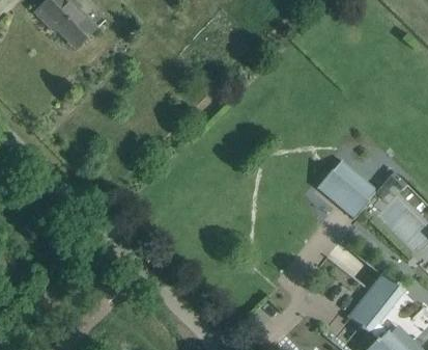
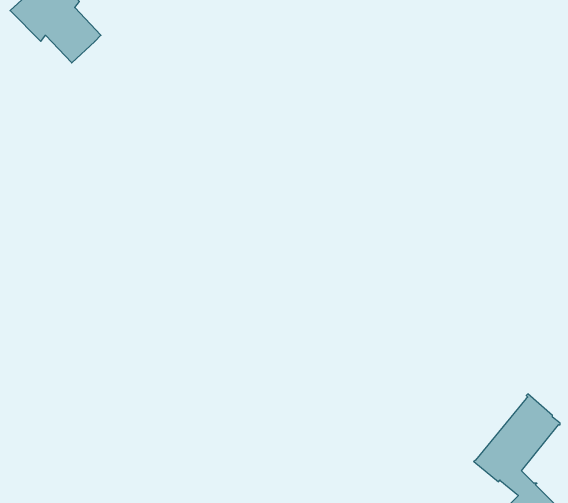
building: [318,159,378,218] -> none

